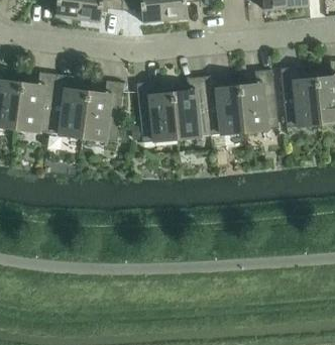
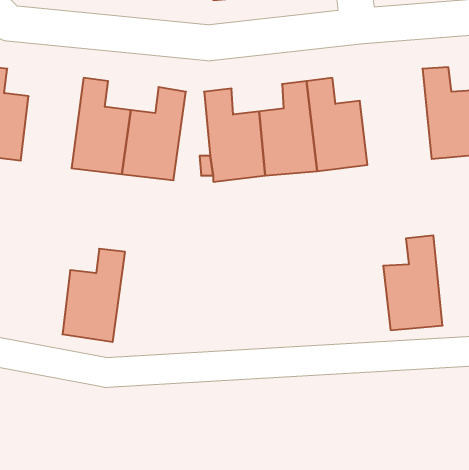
building: [239,68,278,130] -> [383,235,443,330]
building: [15,71,57,132] -> [62,249,125,342]

